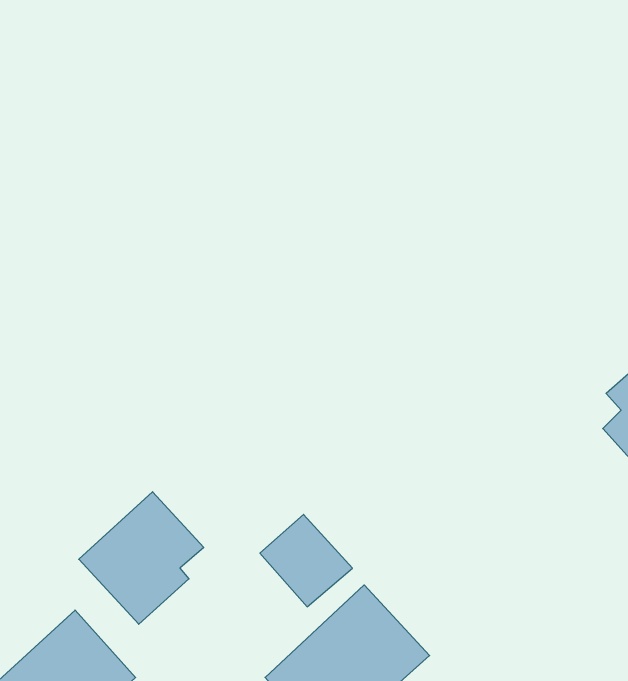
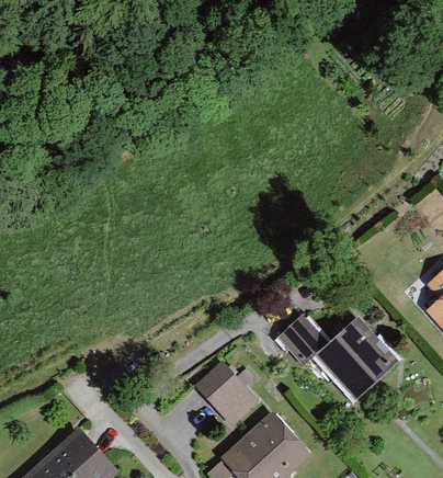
building: none -> [280,316,395,398]
building: [79,492,204,624] -> none

